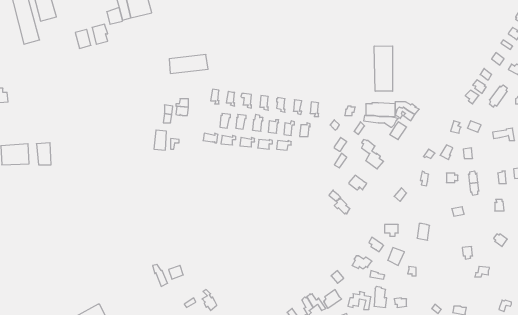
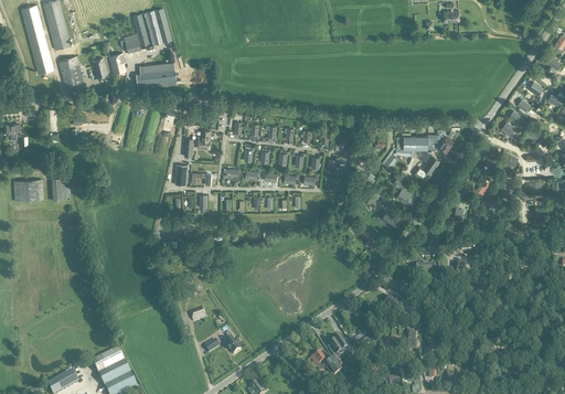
building: none -> [57,54,83,86]
building: [374,46,393,91] -> none
building: [169,55,208,73] -> [135,68,175,88]

